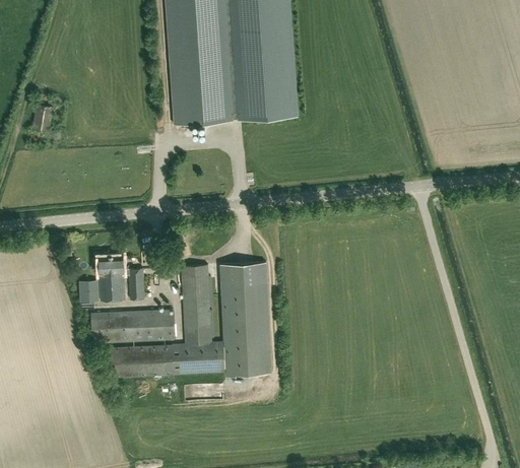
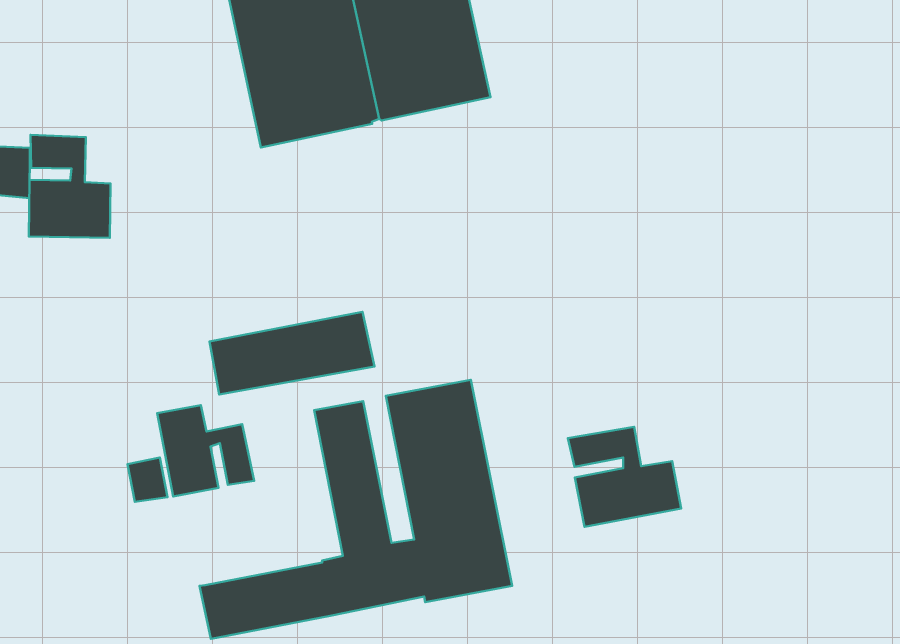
building: none -> [29,135,110,238]
building: none -> [568,427,681,527]
building: [91,310,176,342] -> [210,312,374,395]

